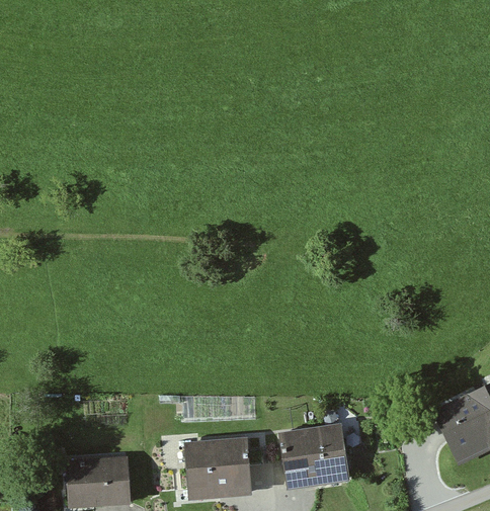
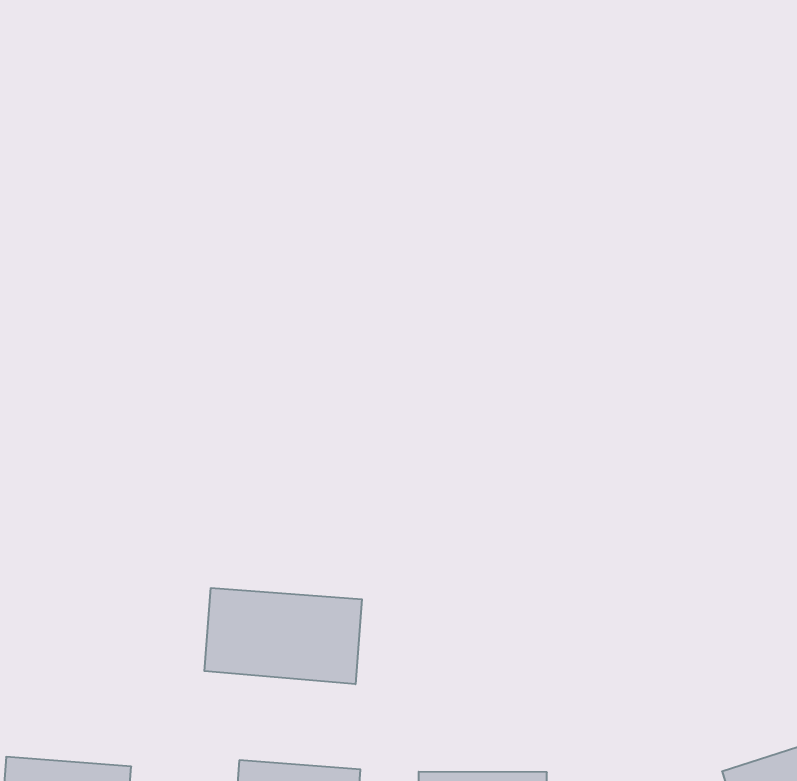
building: none -> [204,588,362,684]

